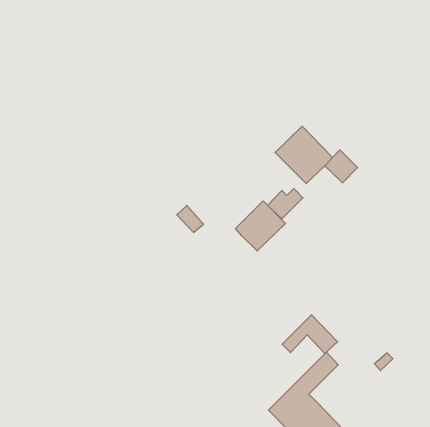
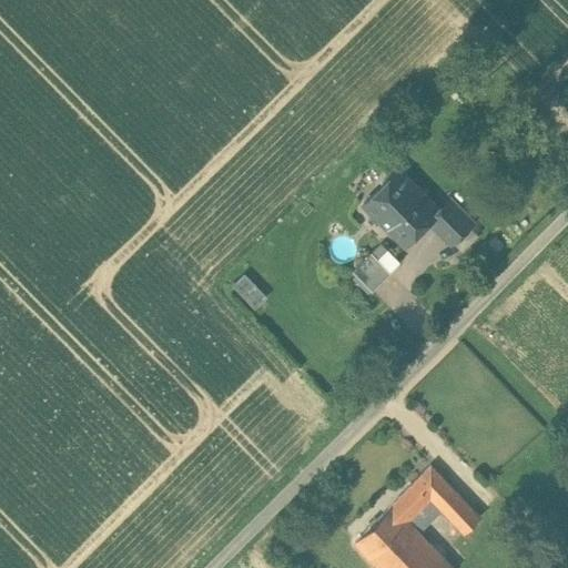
building: [236,201,286,251] -> none
building: [282,315,338,353] -> [407,485,480,536]

